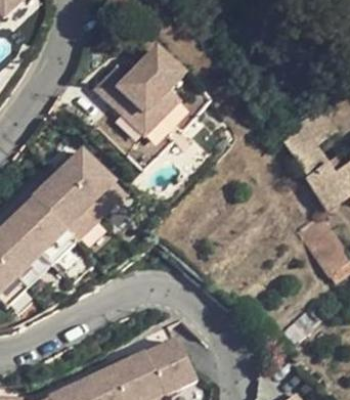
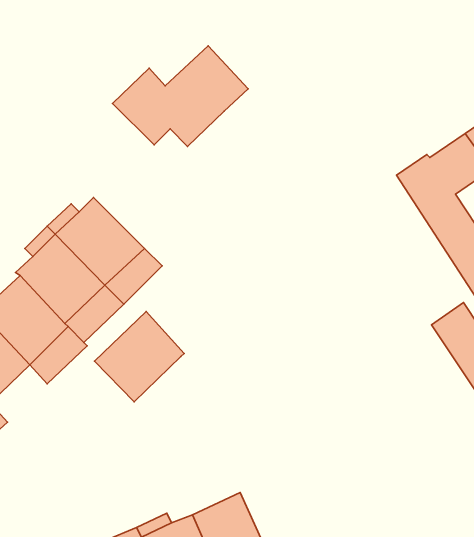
building: [120,93,175,137] -> none
building: none -> [95,312,184,402]

